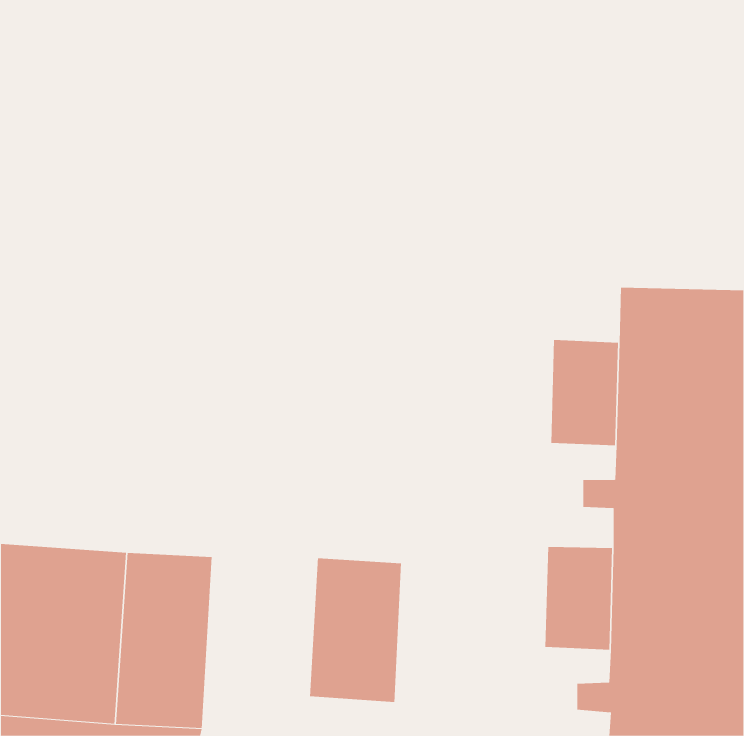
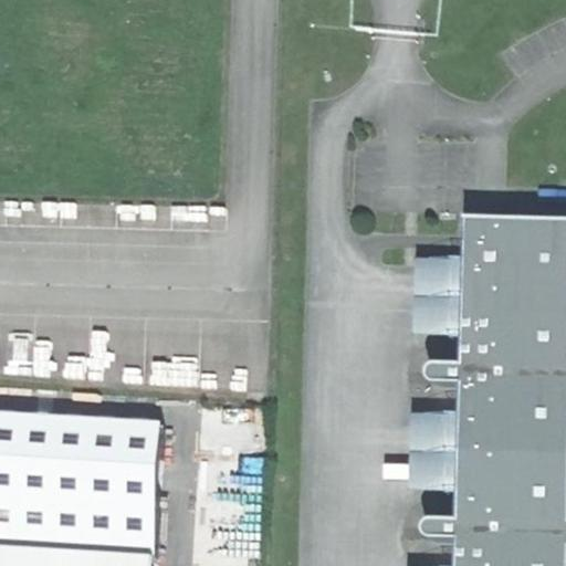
building: [309,557,402,703] -> none

